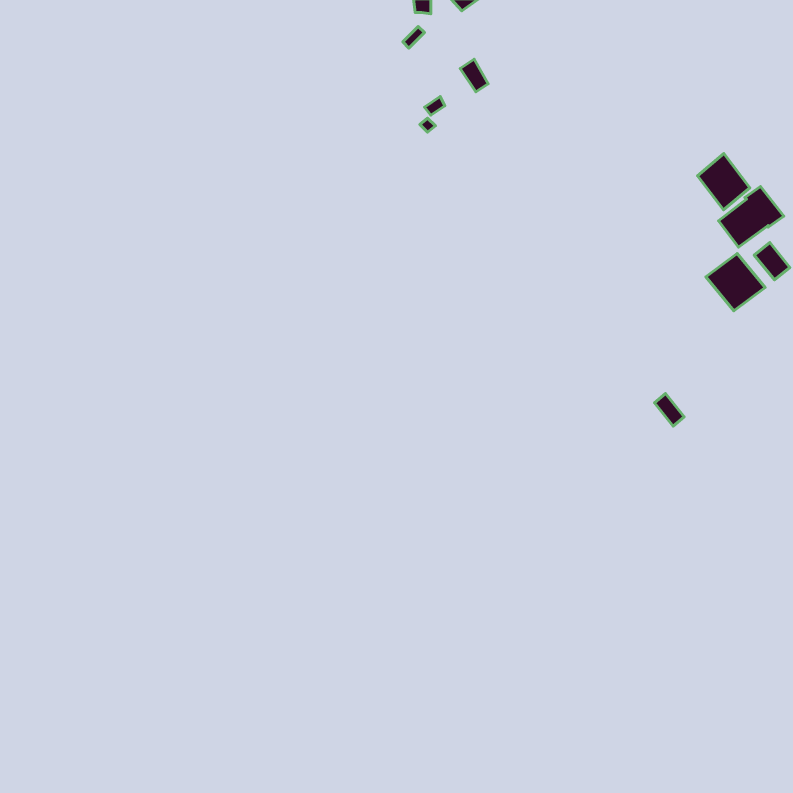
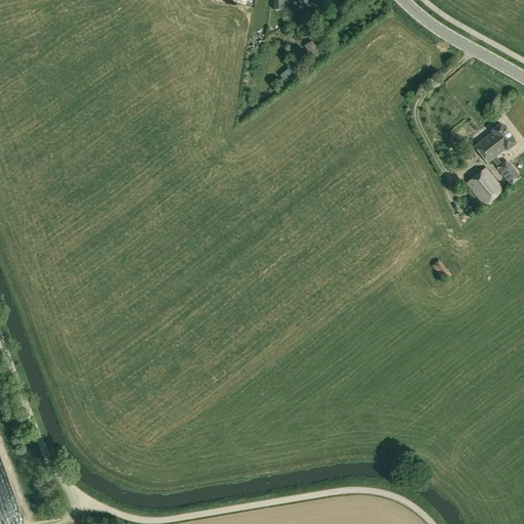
building: [697,154,750,210] -> none

